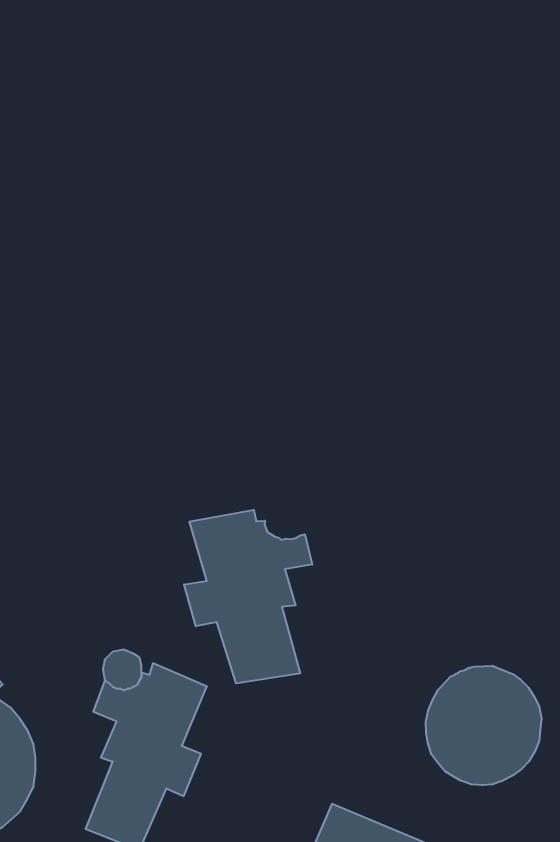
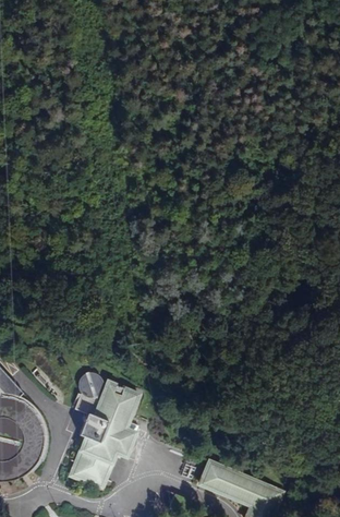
building: [184,510,312,683] -> none
building: [426,666,541,785] -> none

